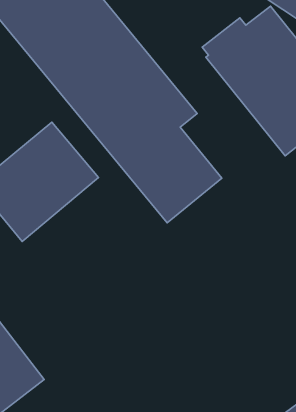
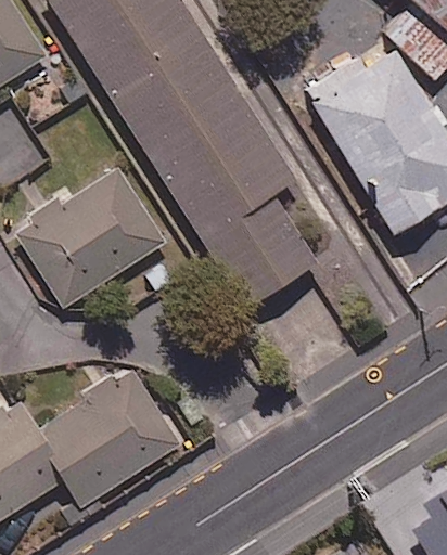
building: none -> [39,370,173,496]

